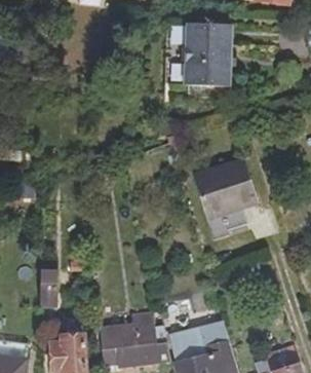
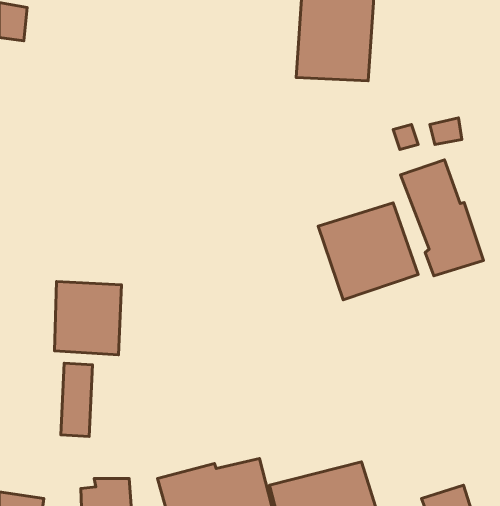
building: none -> [401,160,484,276]
building: none -> [55,281,122,355]

